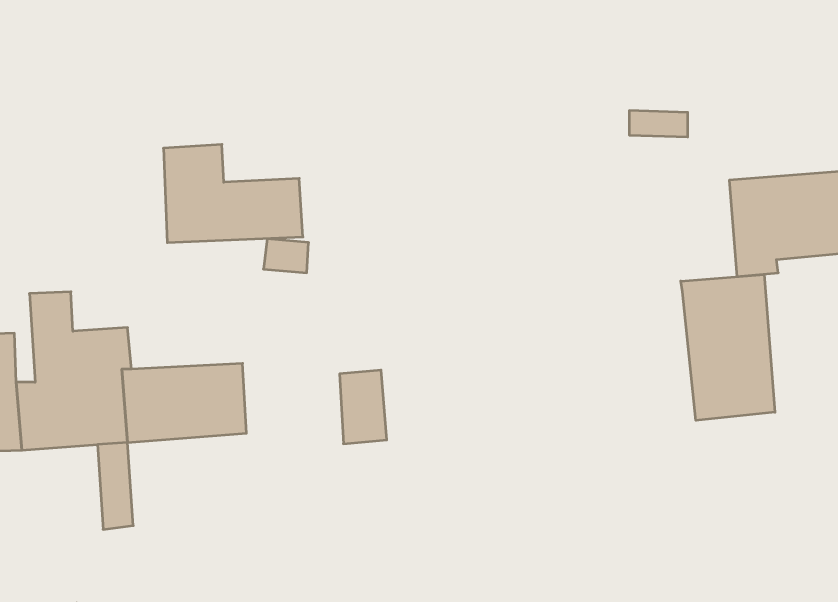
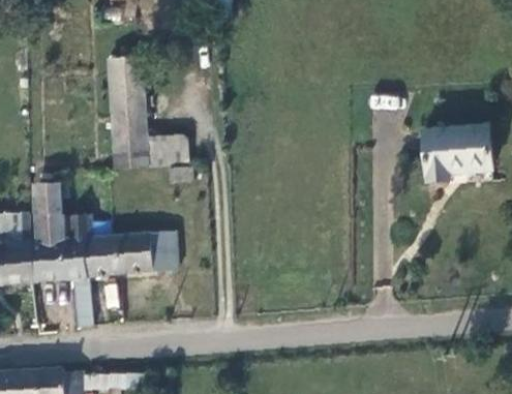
building: none -> [109,52,143,115]
building: [681,274,775,420] -> none
building: [340,370,387,444] -> [154,231,180,271]

